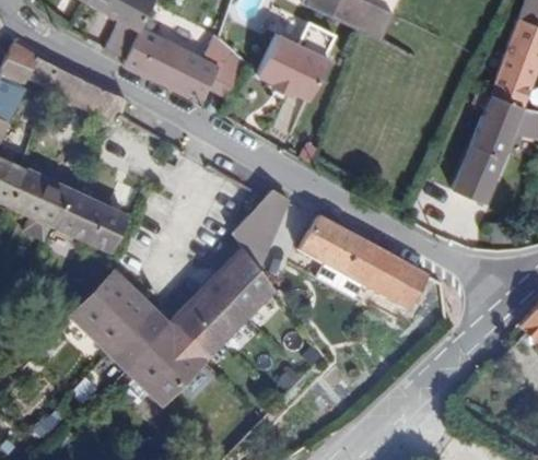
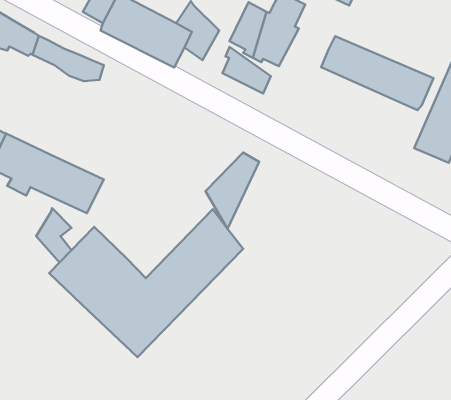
building: none -> [321,36,433,110]
building: none -> [222,47,271,93]
building: [300,216,428,309] -> none
building: none -> [36,208,72,262]

